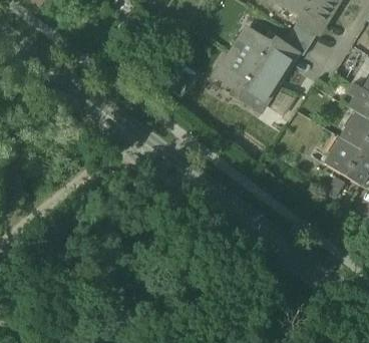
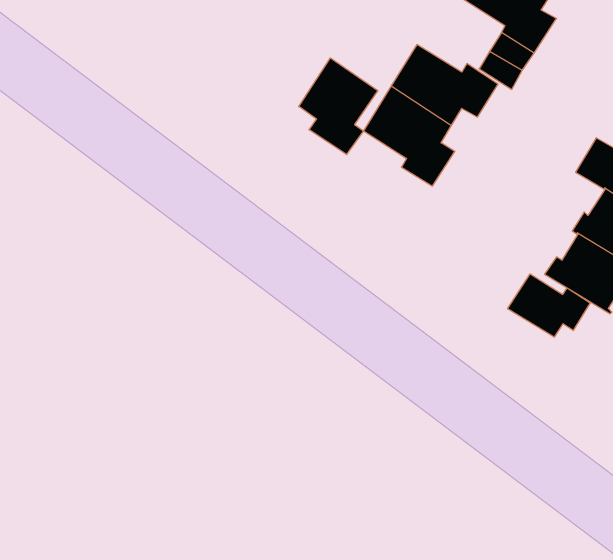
building: none -> [299,58,378,155]
building: none -> [508,274,590,337]

